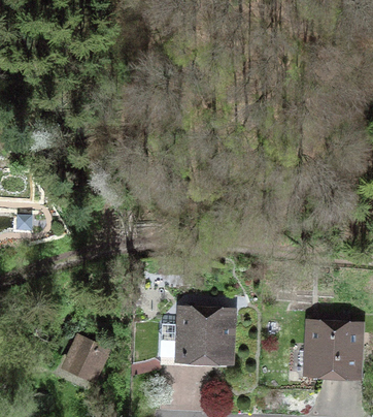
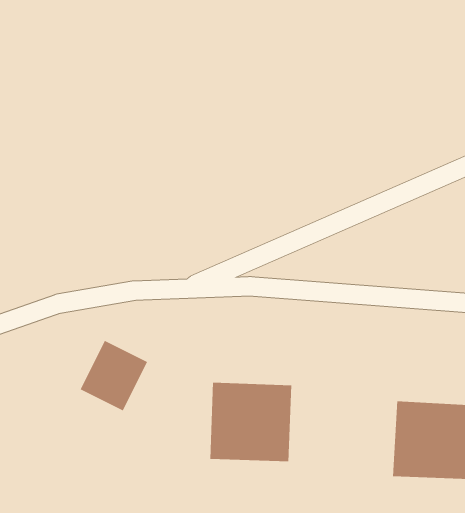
building: [62,331,110,382] -> [80,340,148,411]

